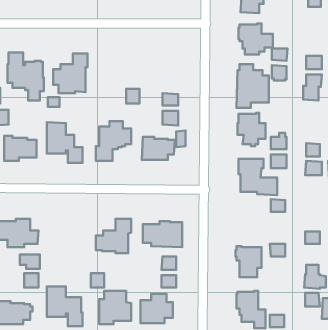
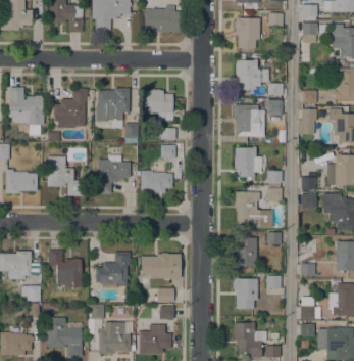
building: none -> [96,88,129,128]
building: none -> [144,89,172,112]
building: none -> [234,237,257,267]
building: none -> [48,250,82,286]

